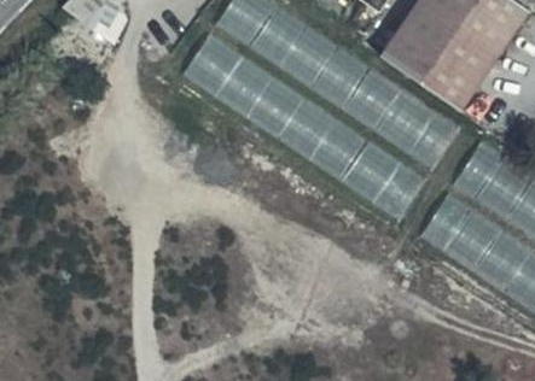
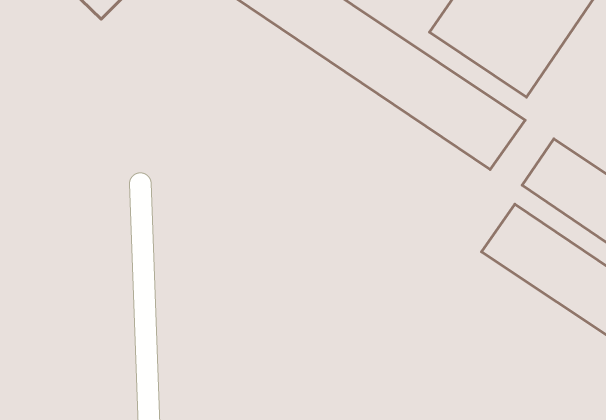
building: [182,33,426,218] -> none

